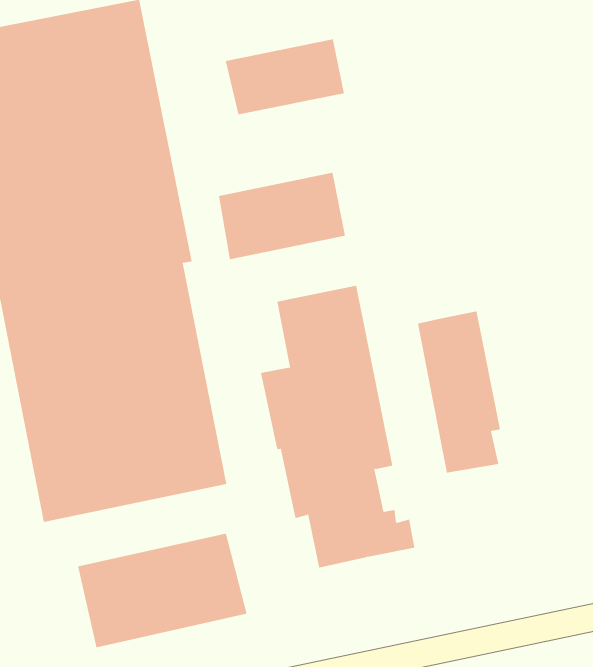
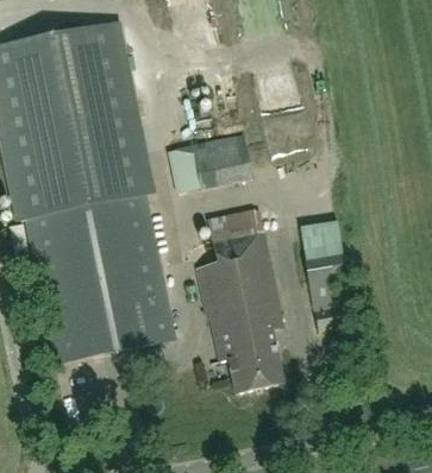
building: [225,39,345,115] -> none
building: [77,533,247,648] -> none

